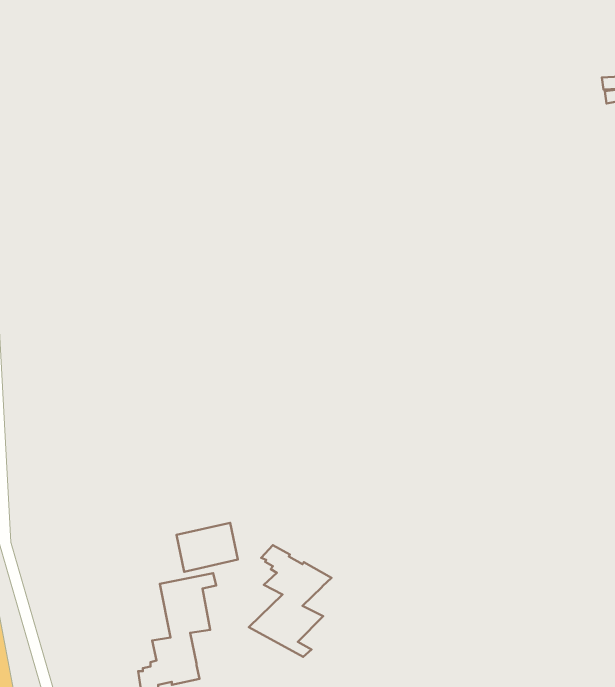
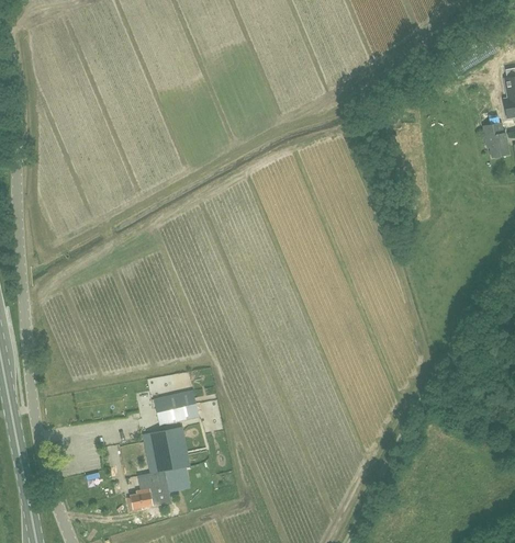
building: [249,545,332,657] -> none

